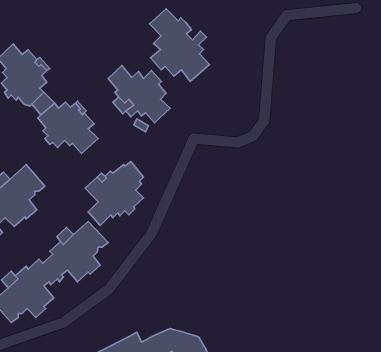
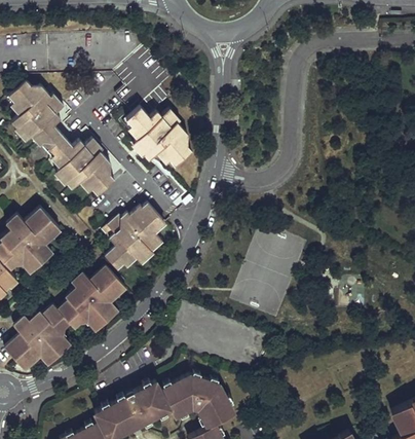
building: [149,9,209,82] -> none

